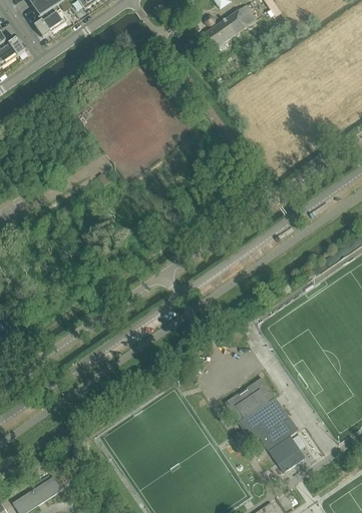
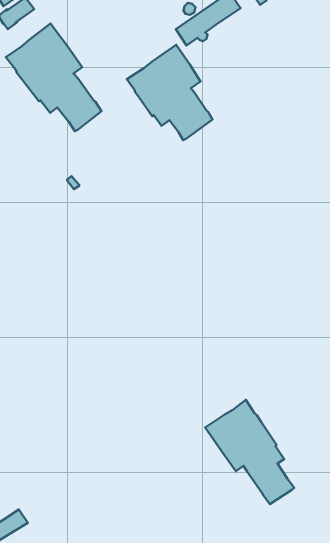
building: none -> [6,23,102,131]
building: none -> [127,45,213,140]

